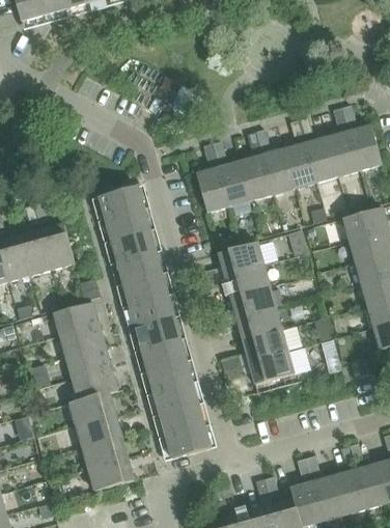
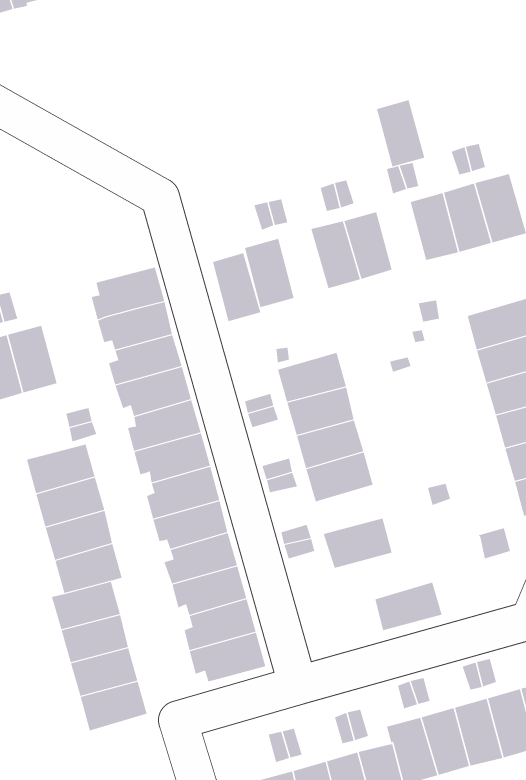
building: [284,143,316,188] -> [376,99,425,167]
building: [220,161,252,206] -> [212,252,261,322]
building: [244,329,288,361] -> [375,582,442,631]

